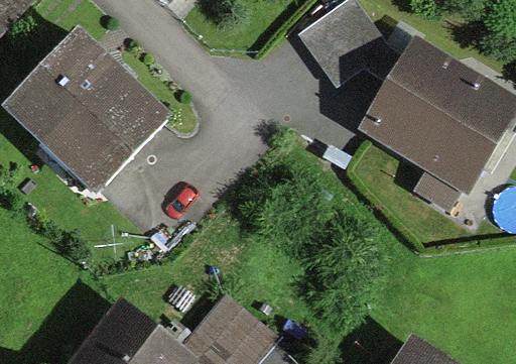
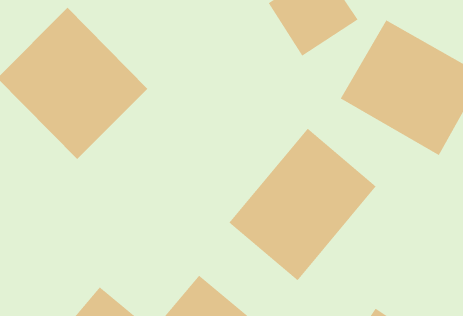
building: none -> [229,128,377,281]

